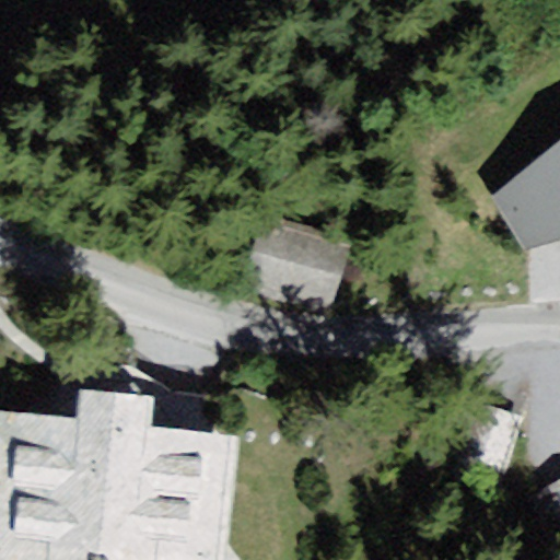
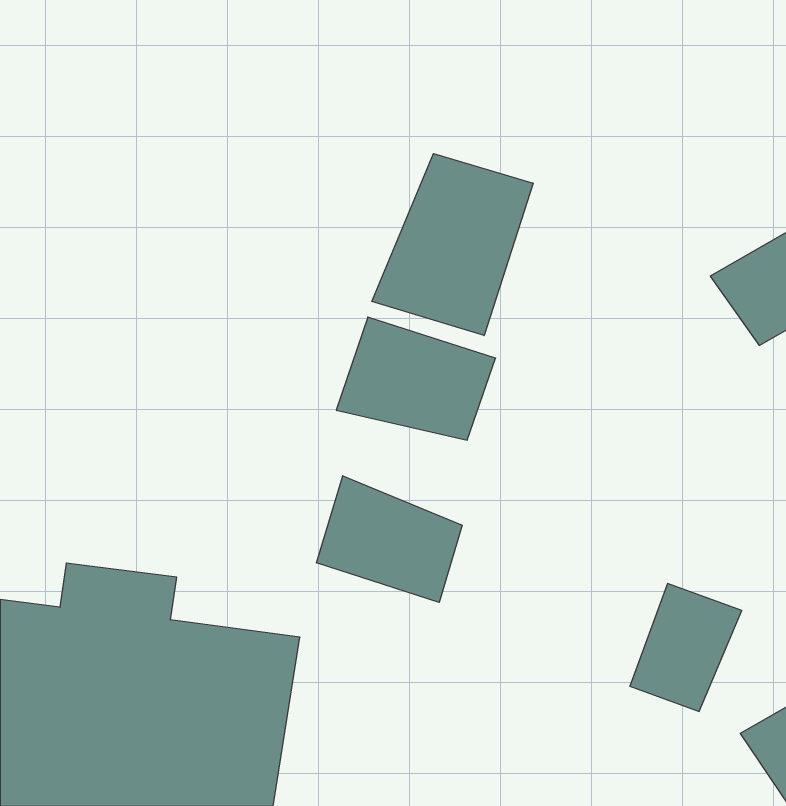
building: none -> [372,154,533,336]
building: none -> [316,476,462,602]

